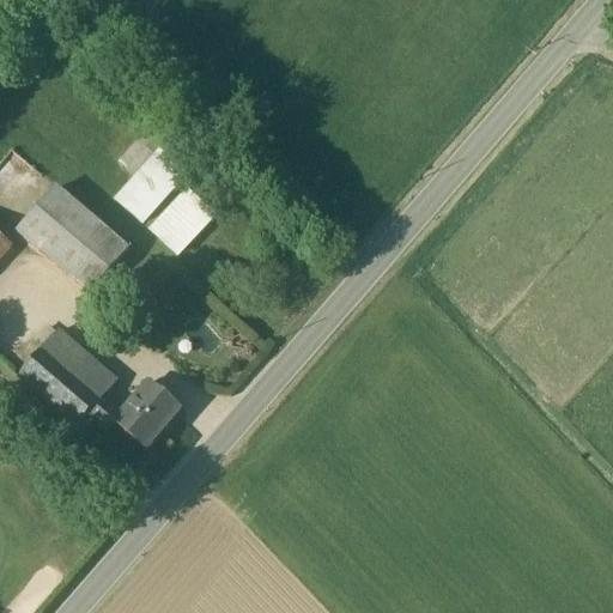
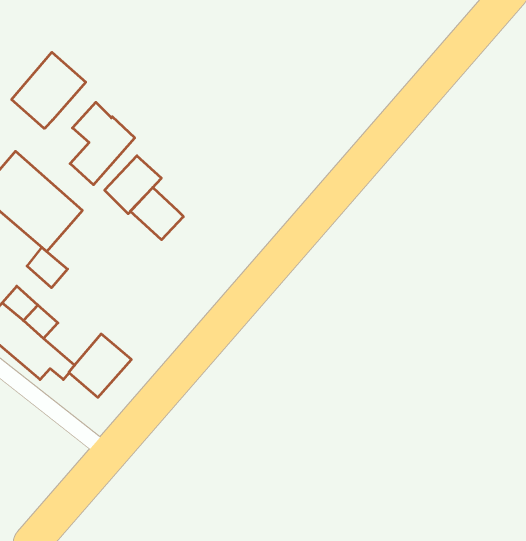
building: none -> [12,52,86,128]
building: none -> [130,187,183,240]
building: none -> [27,248,68,288]

